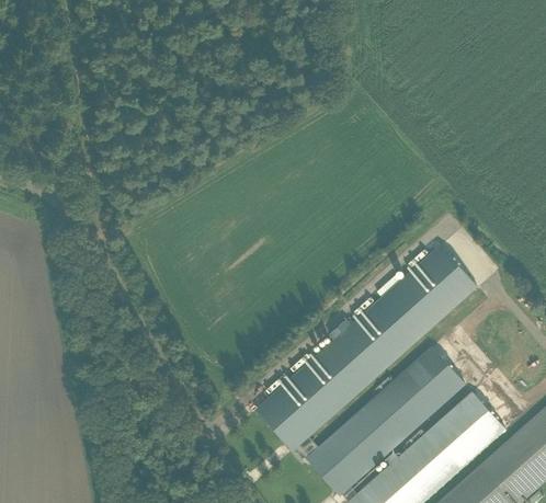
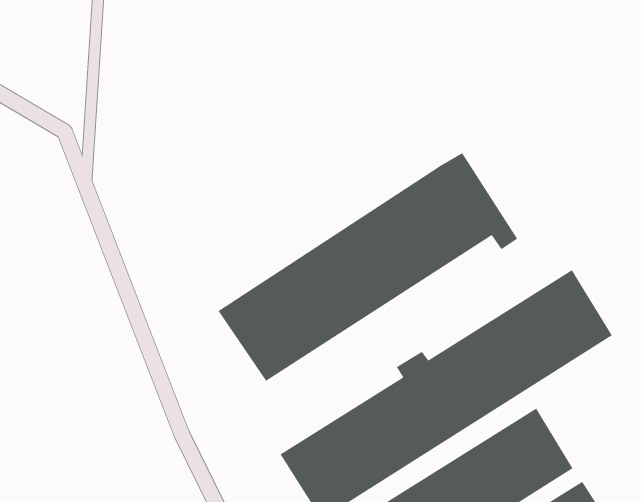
building: none -> [217,152,518,382]

